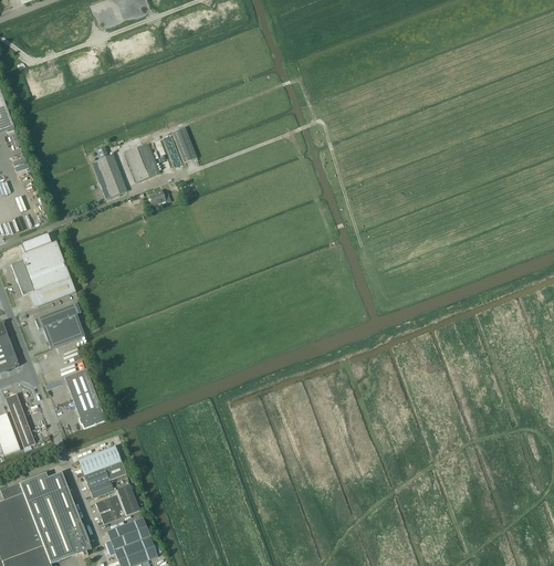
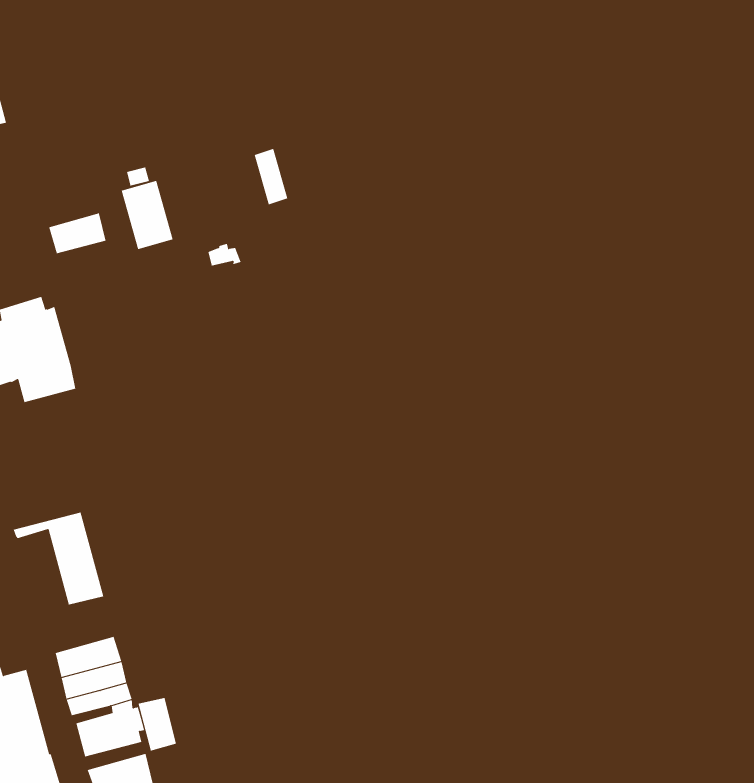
building: [124,144,159,182] -> none
building: none -> [48,213,106,254]
building: [33,303,84,349] -> none
building: none -> [138,697,177,752]

